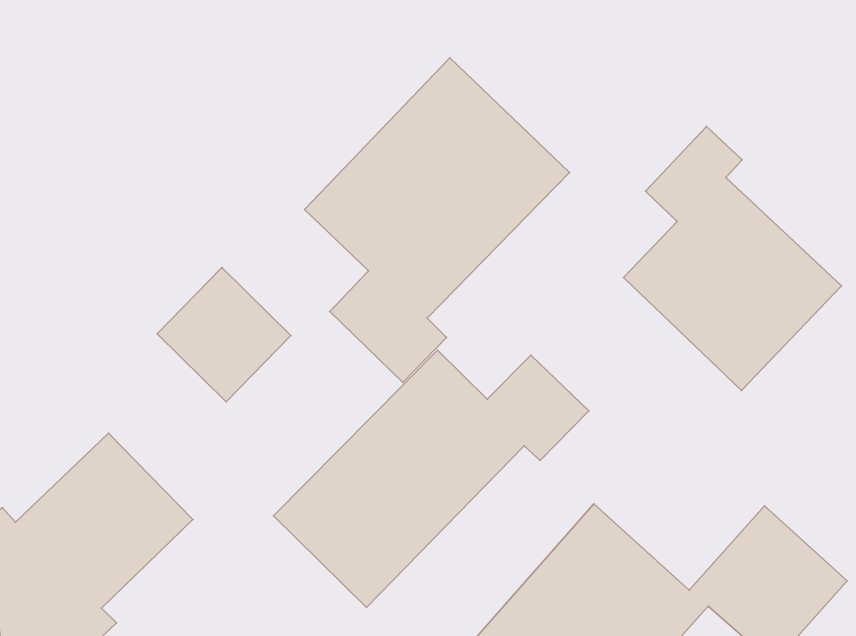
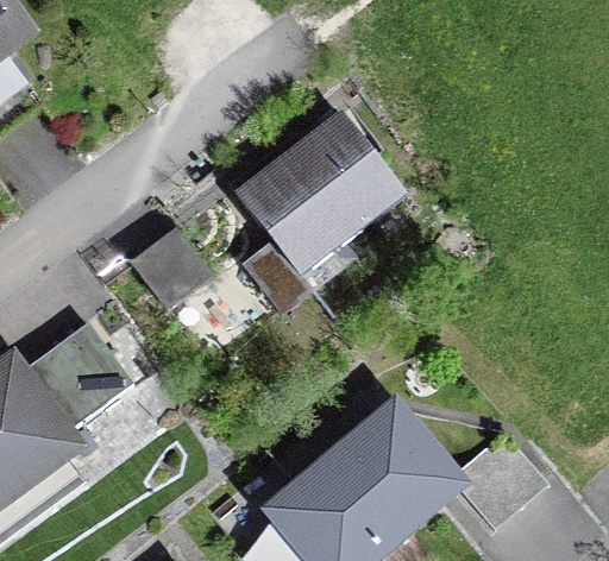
building: [623,126,842,390] -> none
building: [273,350,589,608] -> none

